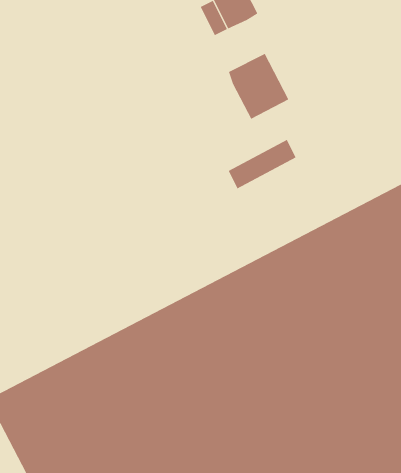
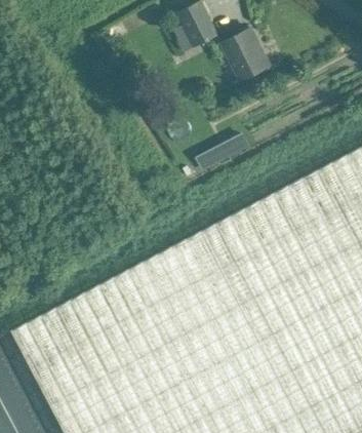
building: [228,53,289,119] -> [223,28,270,79]

